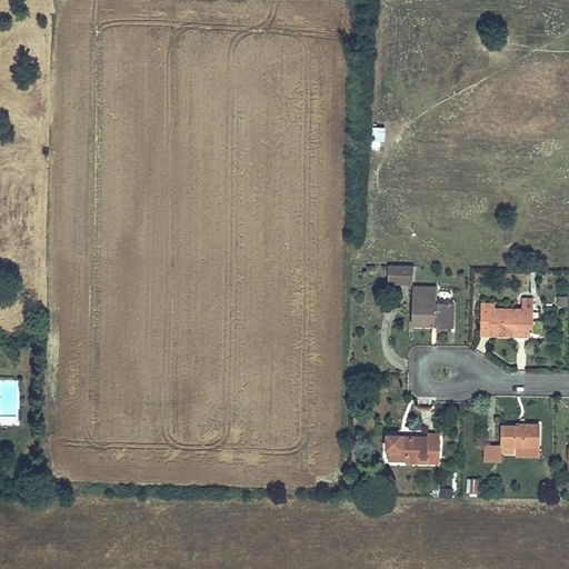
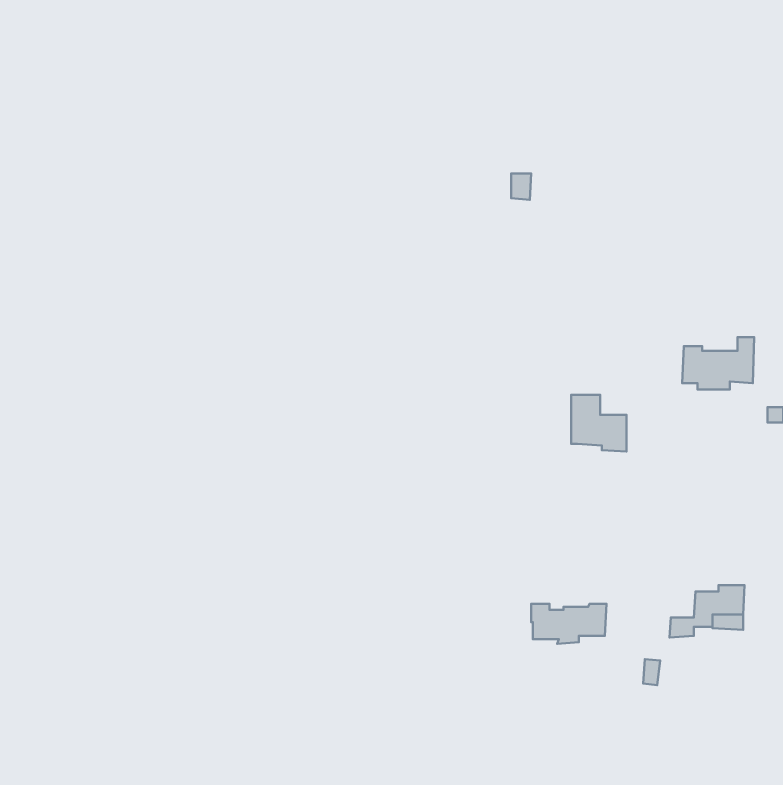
building: [387,263,412,282] -> none
building: [479,299,531,337] -> [682,337,754,389]

